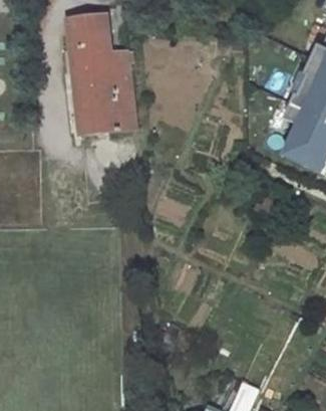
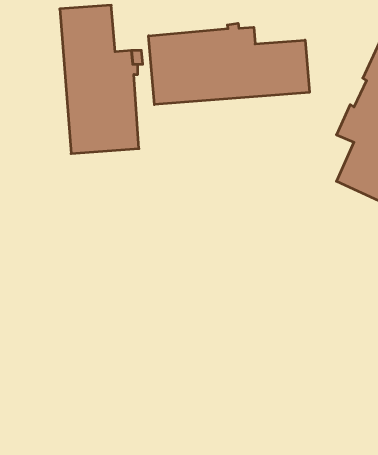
building: none -> [149,23,309,105]

